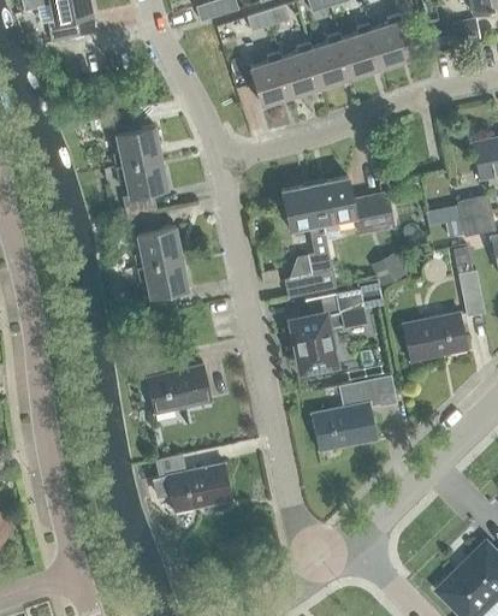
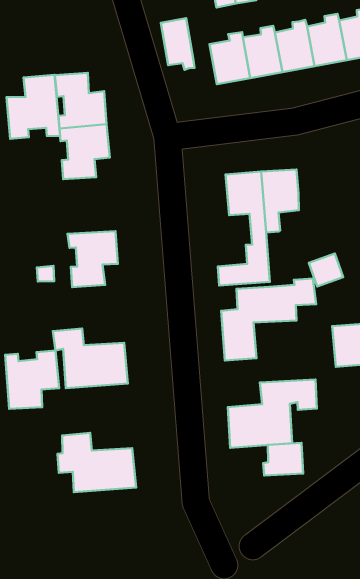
building: none -> [161,18,194,70]
building: none -> [6,75,60,139]
building: [354,194,393,233] -> none
building: [126,208,183,266] -> none
building: none -> [5,350,59,409]
building: none -> [263,443,303,475]

